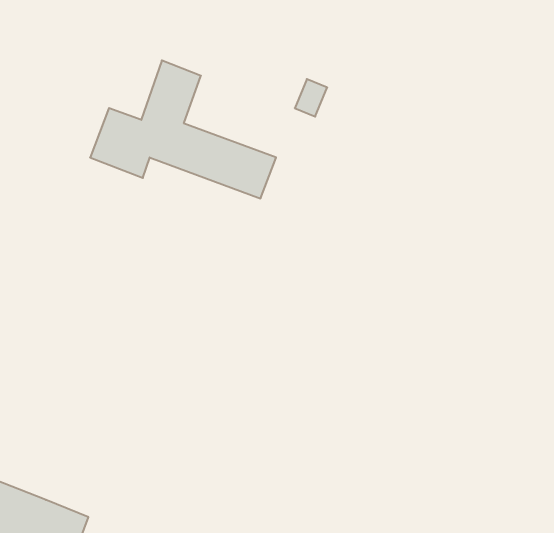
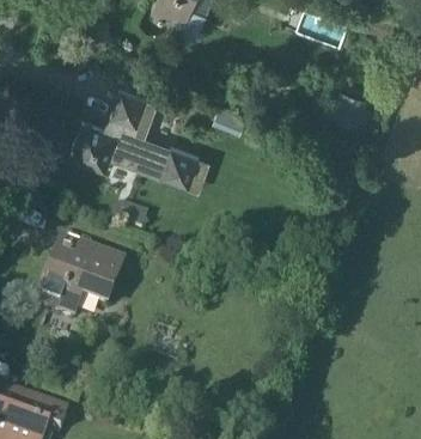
building: none -> [38,246,124,313]

